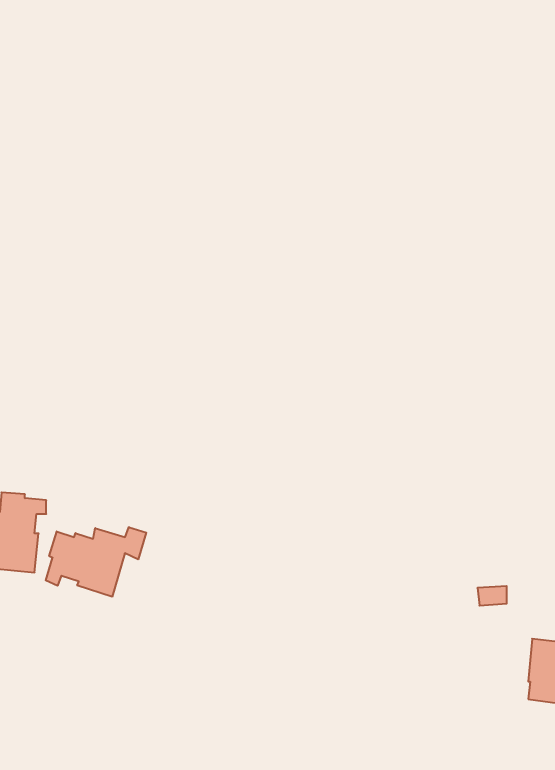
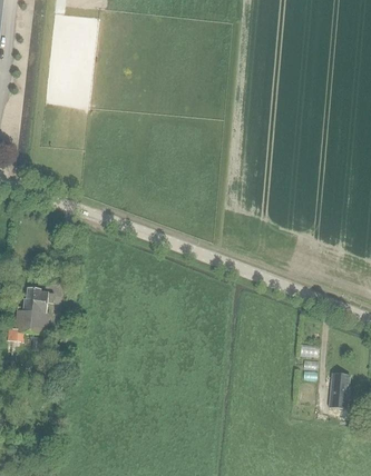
building: [46,527,146,597] -> none

